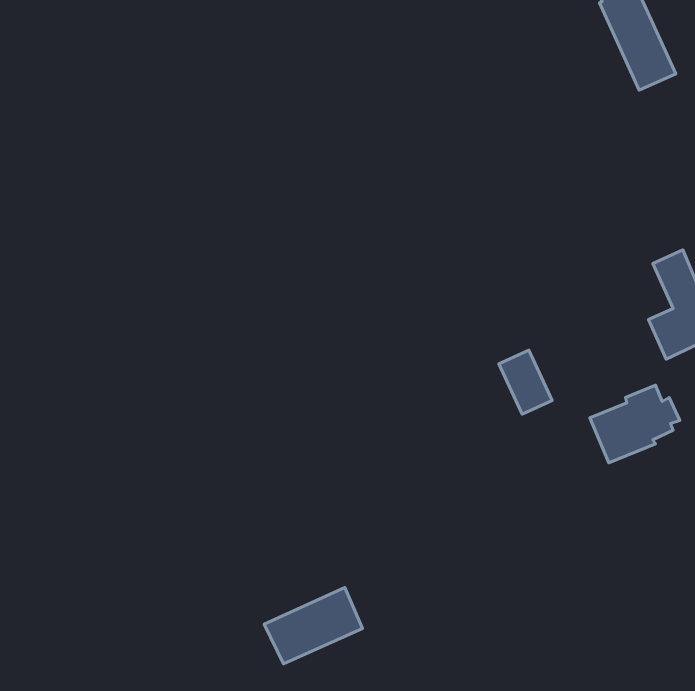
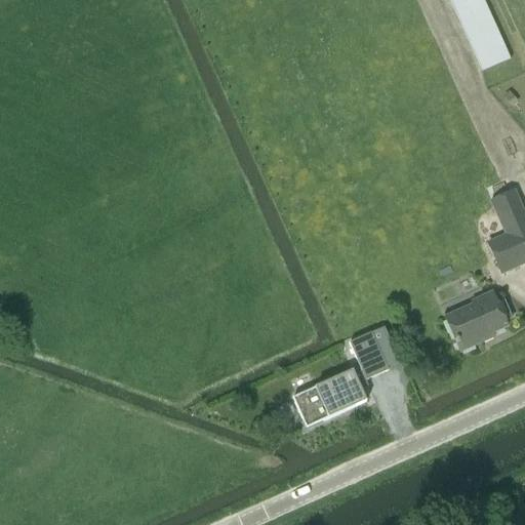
building: [499,350,552,414] -> [350,329,390,377]
building: [264,587,363,664] -> [293,367,367,425]

